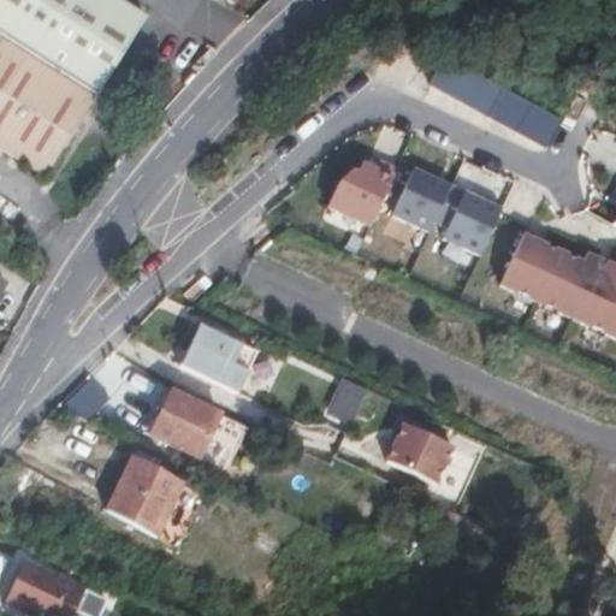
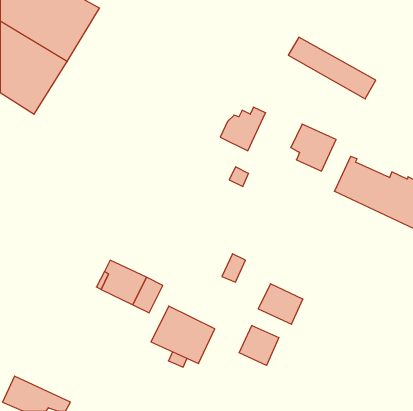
building: [391,167,450,231] -> none
building: [179,324,257,391] -> none
building: [107,451,202,537] -> [151,306,215,364]
building: none -> [239,325,279,365]

